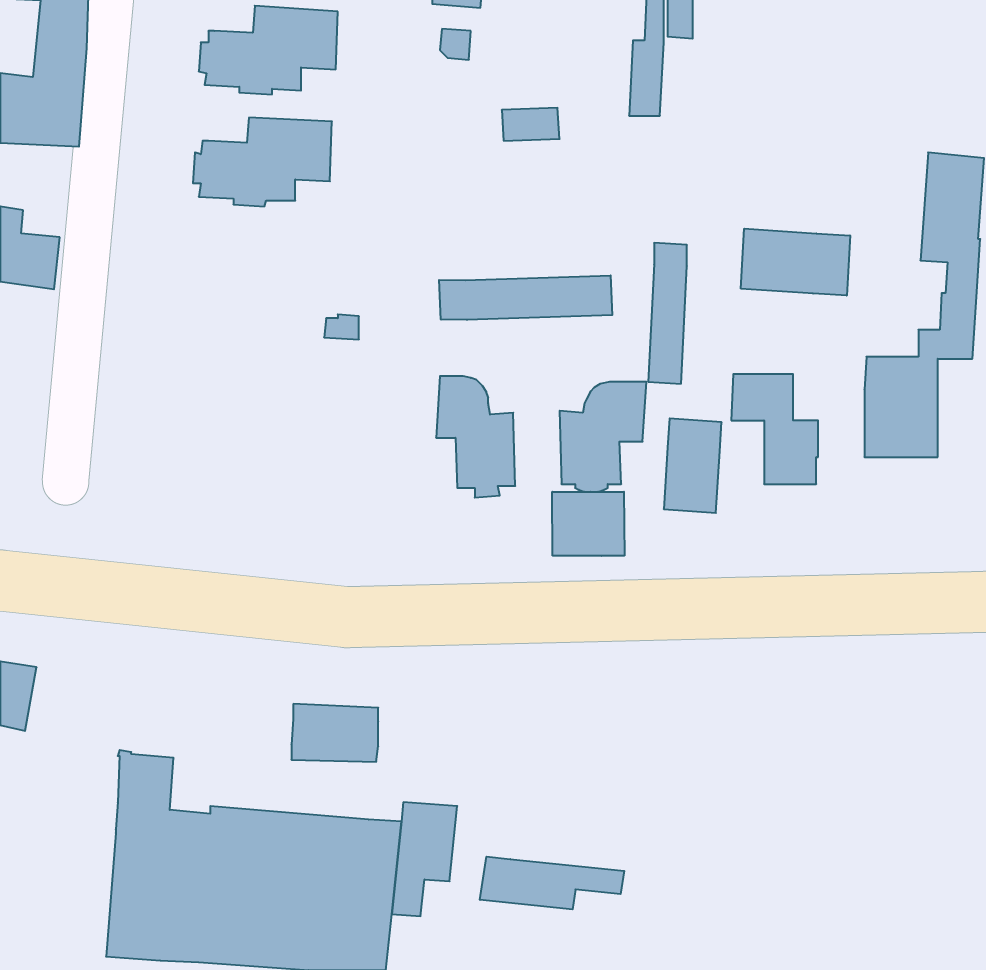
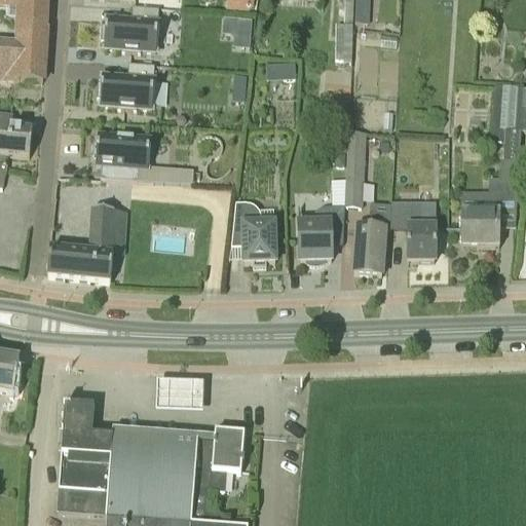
building: [741,229,850,296] -> none
building: none -> [100,129,166,179]
building: [439,275,612,320] -> none
building: none -> [47,205,113,280]
building: [552,492,624,556] -> none
building: [480,857,624,909] -> none

